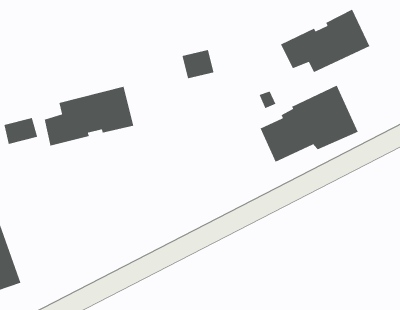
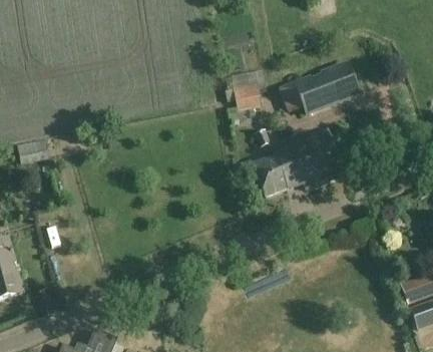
building: [182,49,214,79] -> [234,82,263,108]
building: [44,86,134,146] -> none

